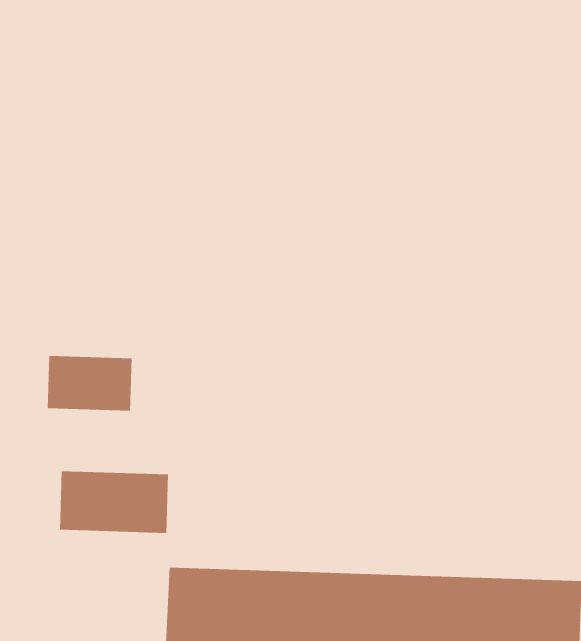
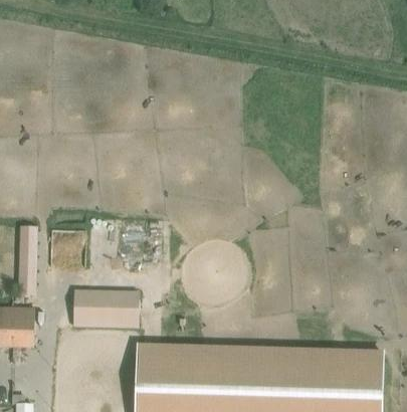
building: [47,355,132,411] -> none

